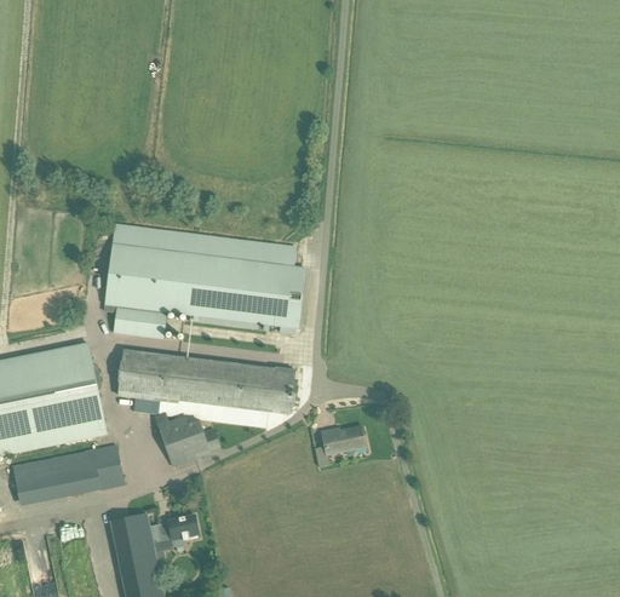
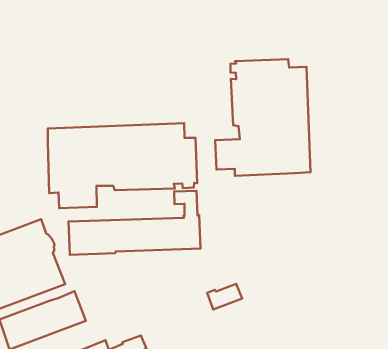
building: none -> [215,59,311,176]
building: [151,400,219,465] -> none
building: [321,424,366,453] -> [207,284,242,310]

